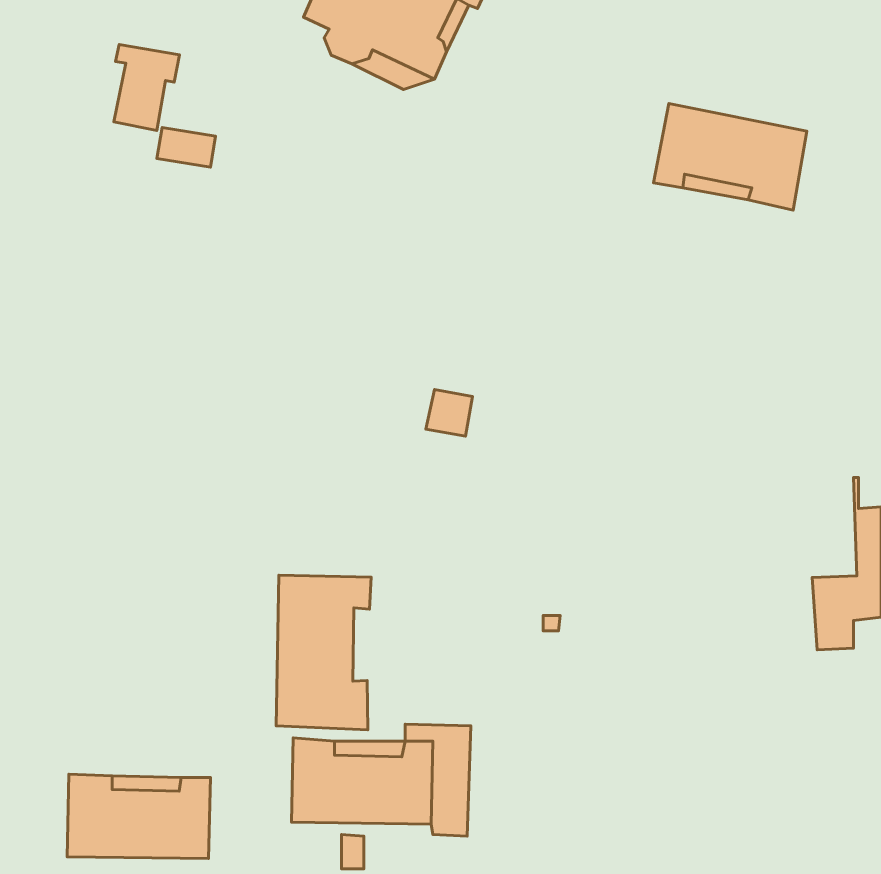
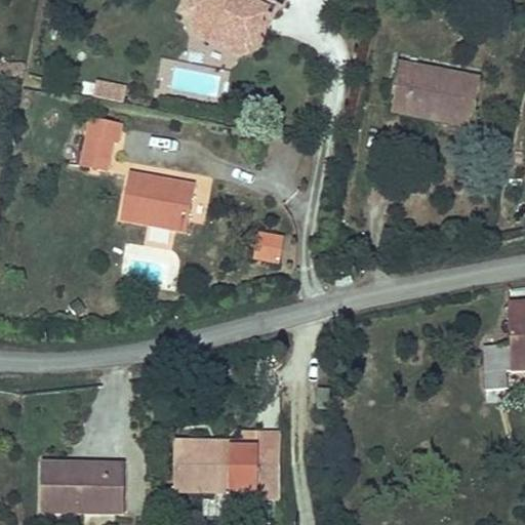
building: [114,44,179,131] -> [82,117,121,168]
building: none -> [121,171,195,230]
building: [276,575,371,730] -> none

